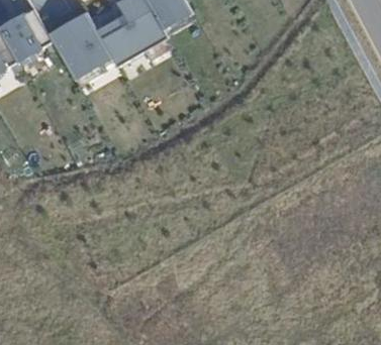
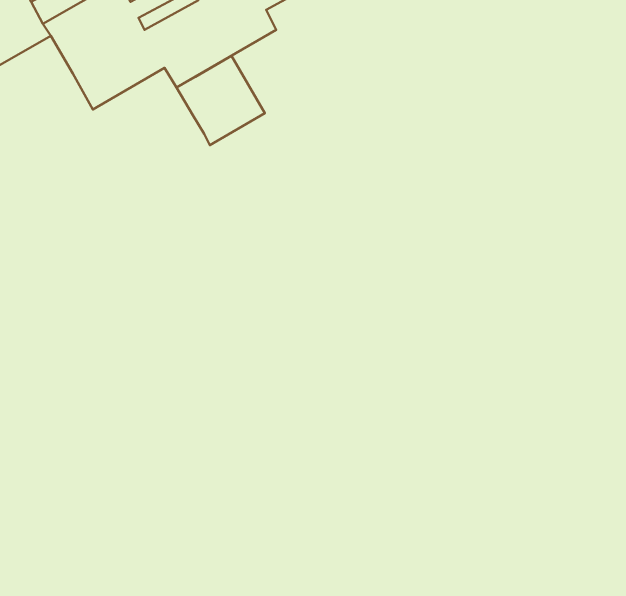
building: none -> [177,56,265,145]

